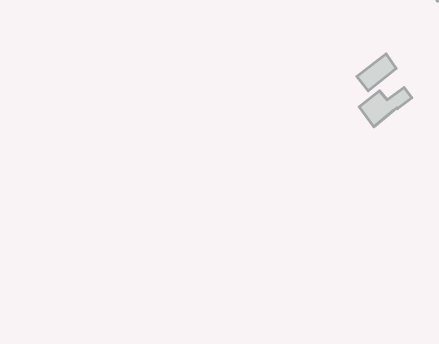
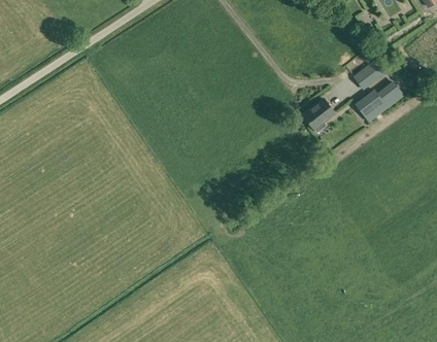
building: none -> [303,99,335,128]

